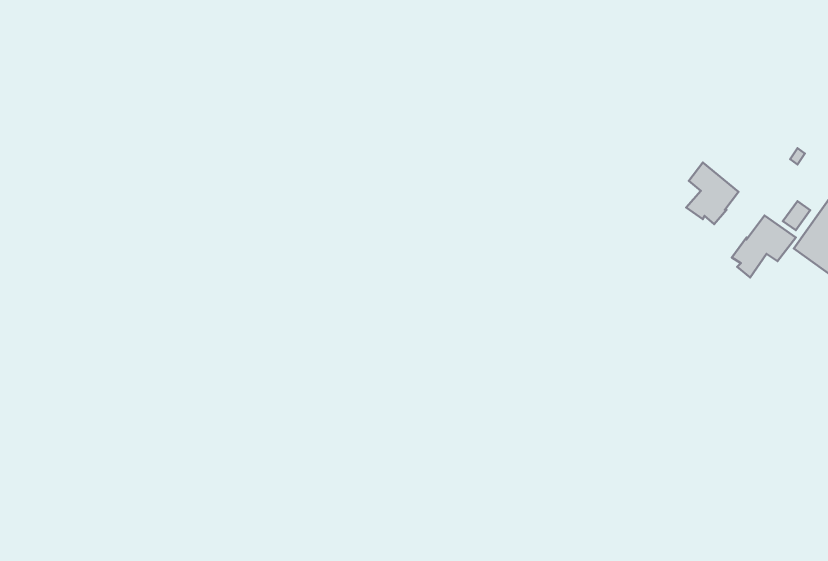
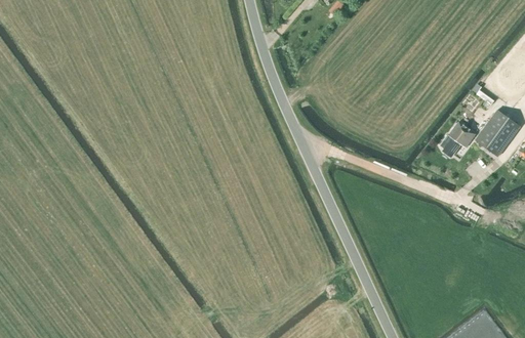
building: [686,163,739,224] -> none

